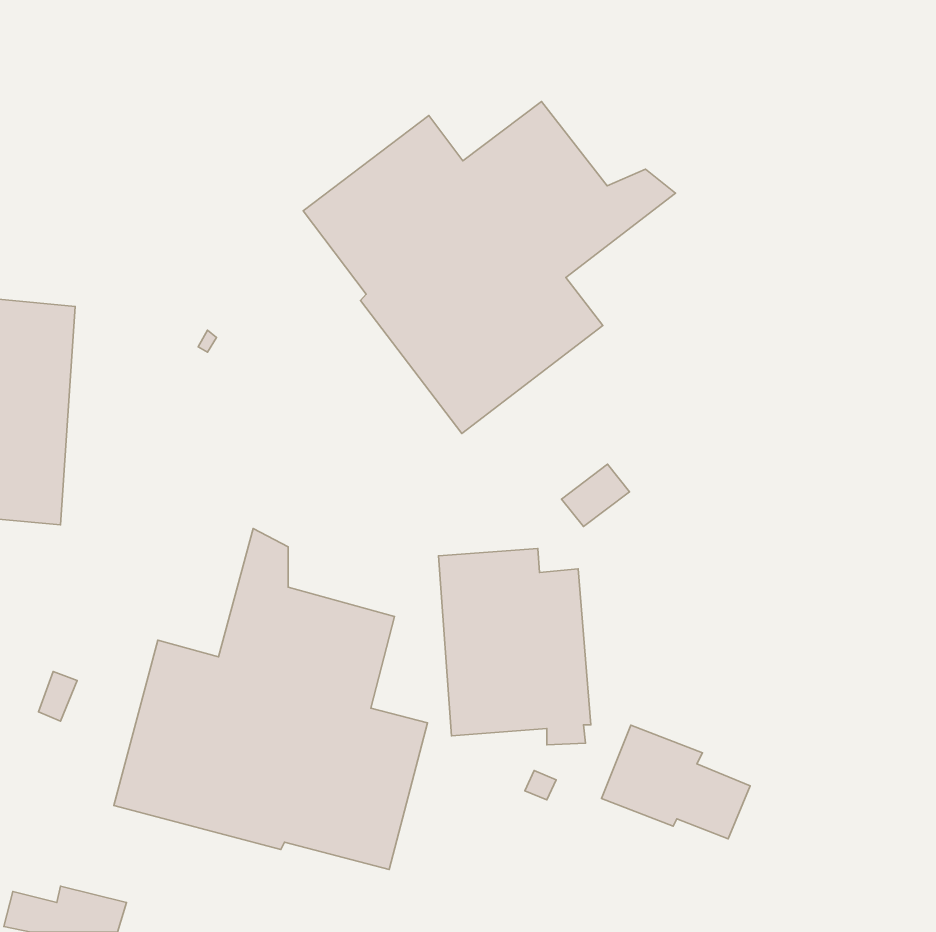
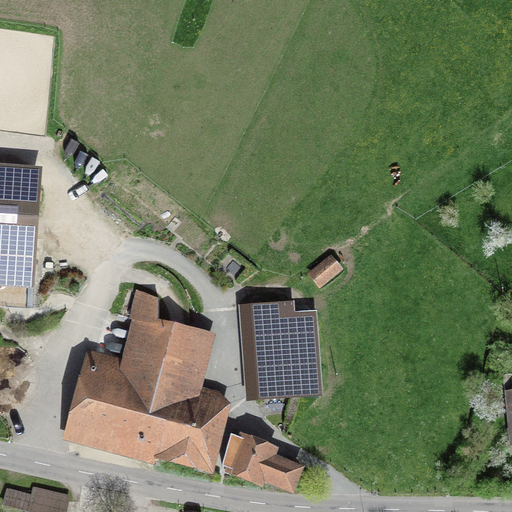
building: [303,102,675,433] -> none
building: [602,725,750,839] -> [223,433,304,495]

